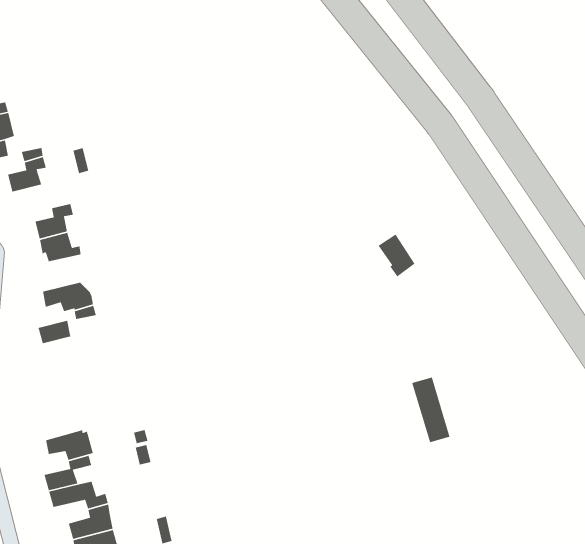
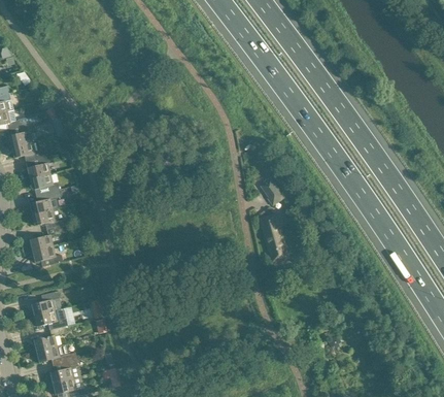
building: none -> [11,141,52,161]
building: none -> [29,190,61,214]
building: none -> [32,245,63,266]
building: [411,377,451,443] -> [261,214,287,260]
building: none -> [31,291,61,316]

